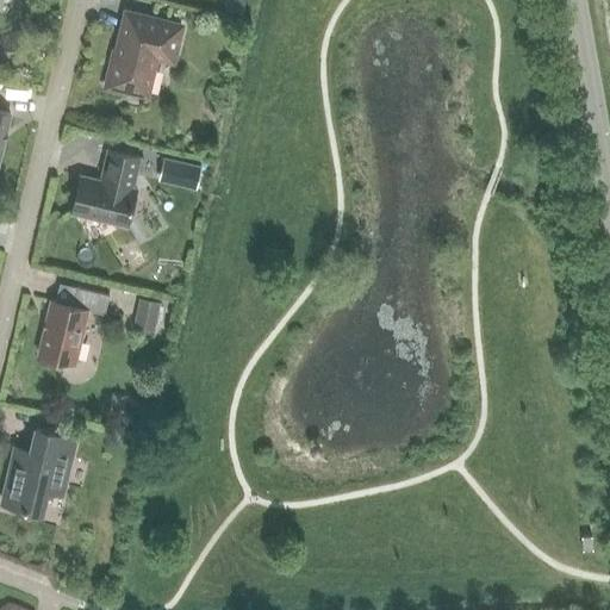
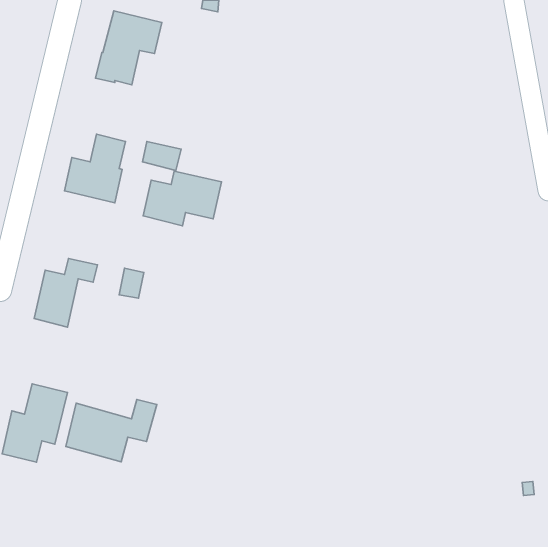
building: none -> [143,171,222,226]
building: none -> [66,400,157,462]

